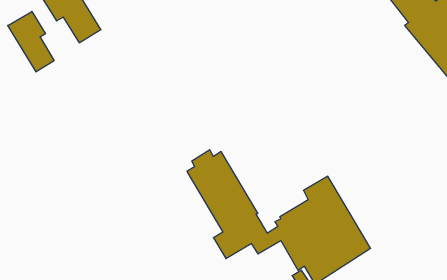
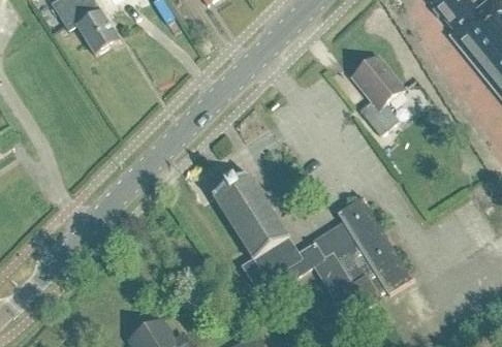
building: [8,11,54,72] -> none
building: none -> [351,55,404,134]

